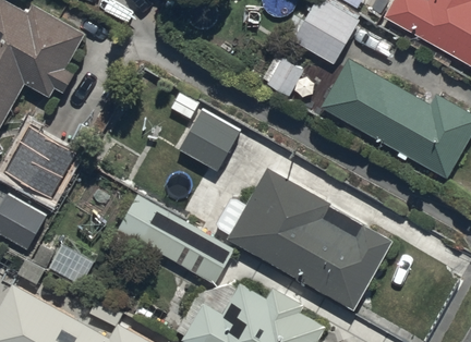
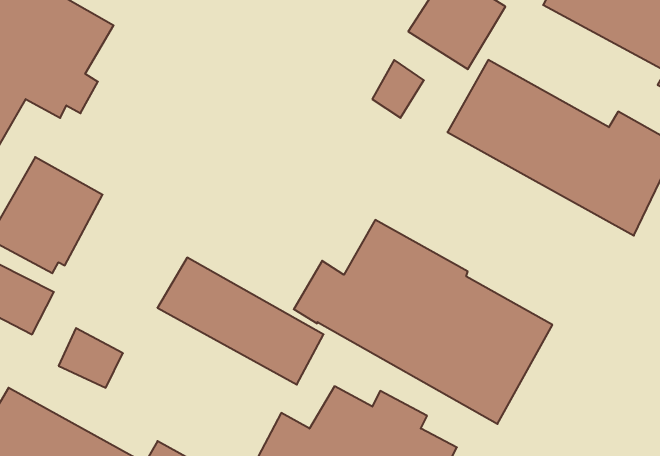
building: [180,110,239,169] -> none

